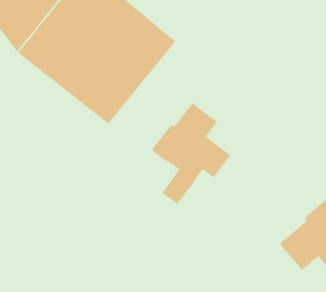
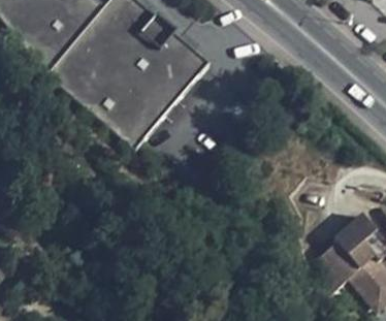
building: [151,102,231,205] -> none

